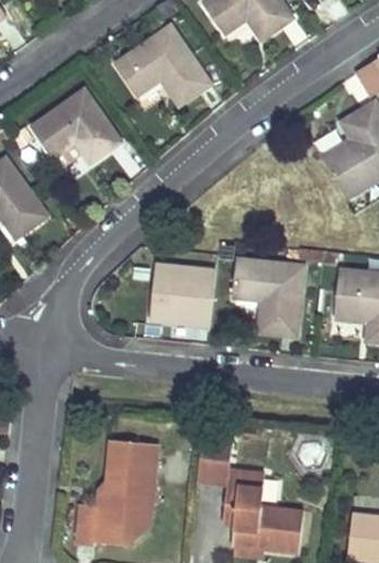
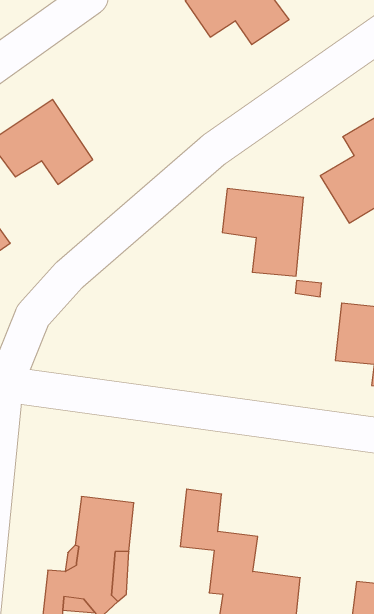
building: [114,25,210,106] -> none
building: [232,258,303,335] -> [222,189,304,276]
building: [149,263,215,325] -> none

